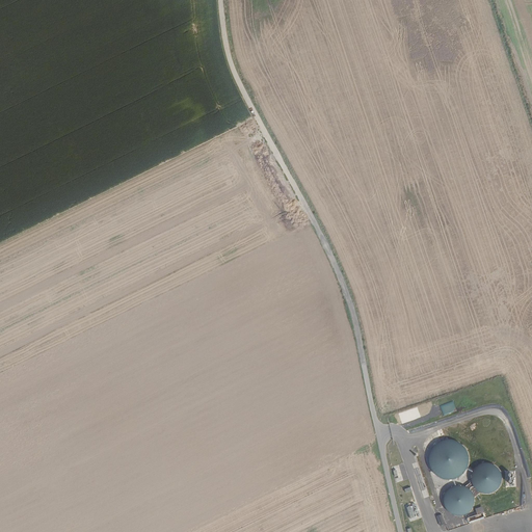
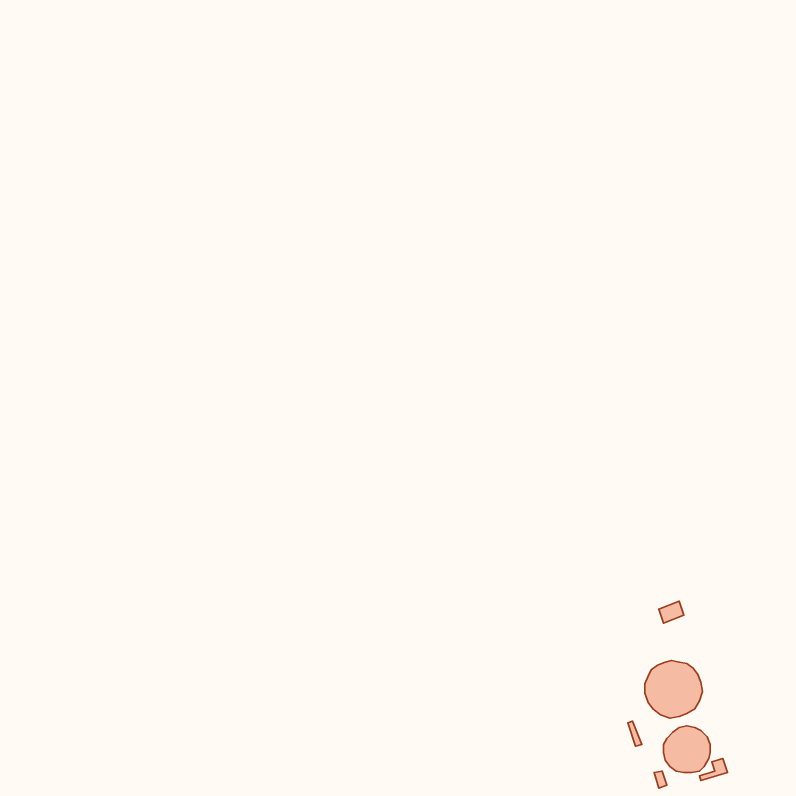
building: [471,461,502,493] -> none

